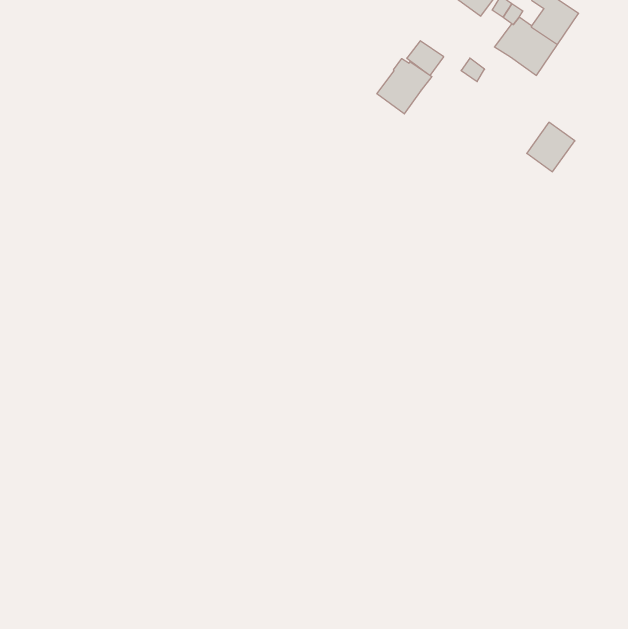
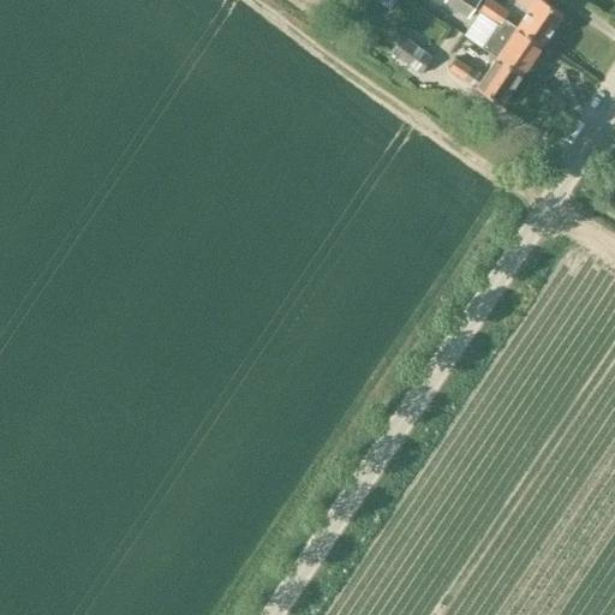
building: [377,59,432,114] -> none
building: [527,122,575,172] -> [478,55,525,103]

